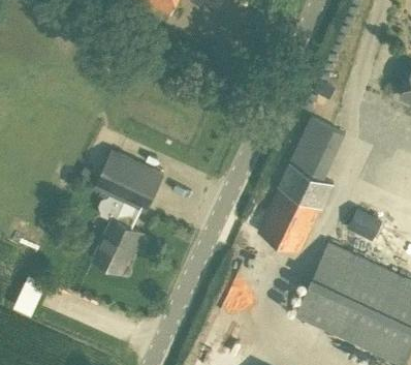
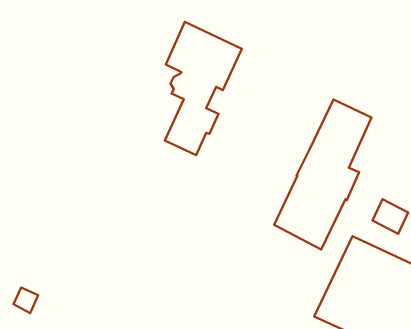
building: [92,150,163,273] -> [165,22,242,155]

